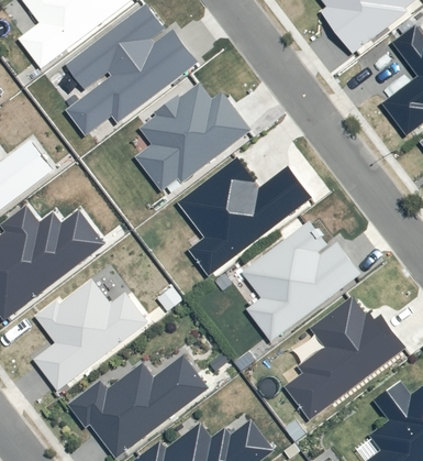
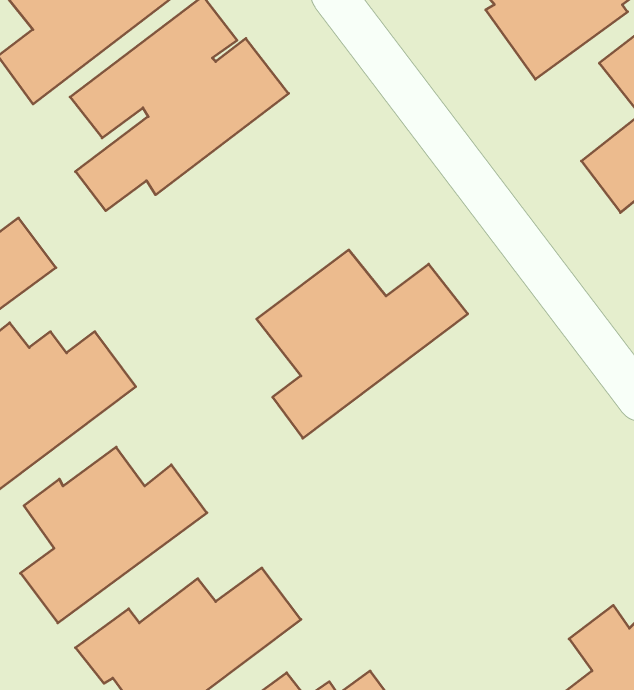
building: [134,83,253,191] -> none
building: [240,219,360,341] -> none
building: [282,296,402,417] -> none

